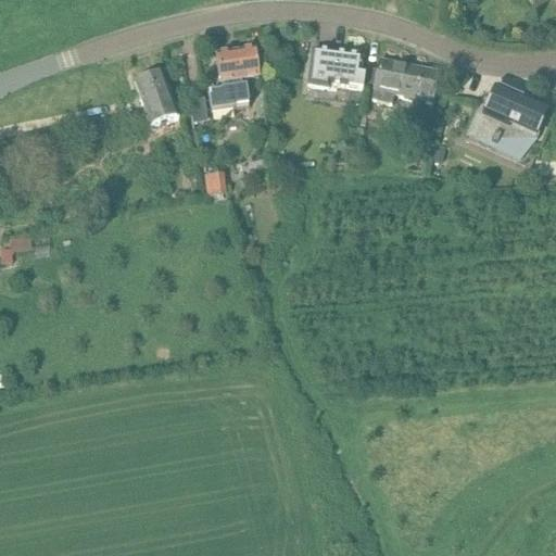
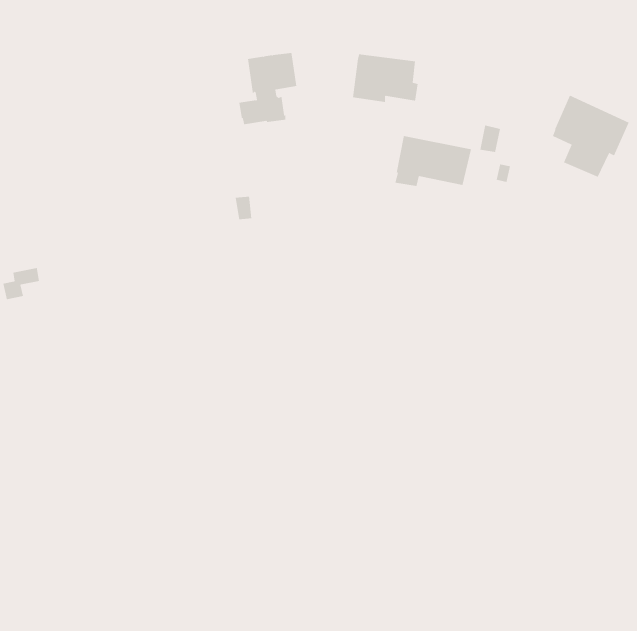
building: [372,56,440,101] -> [395,135,472,187]
building: [135,68,179,126] -> none

